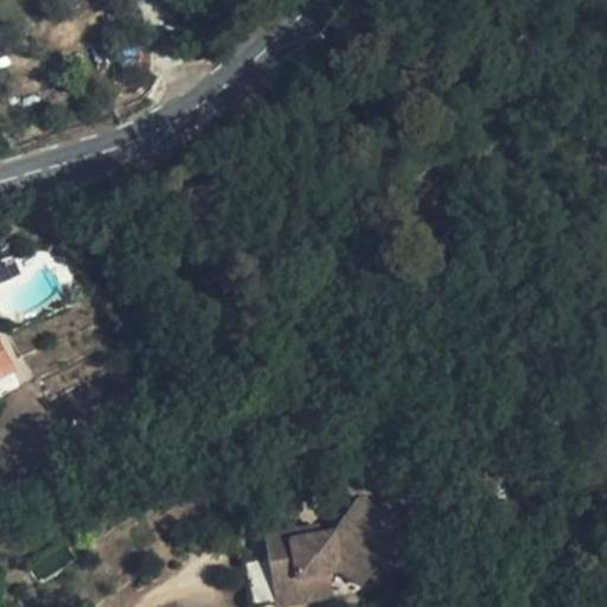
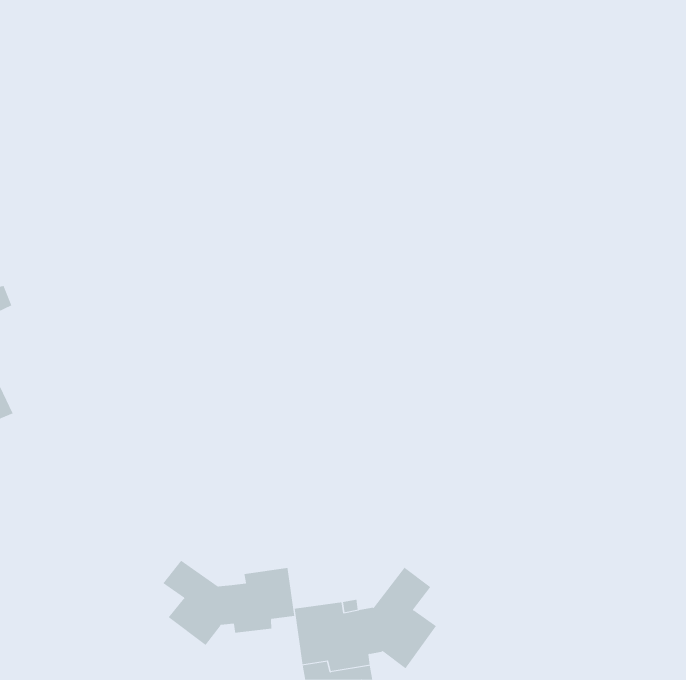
building: none -> [163,560,295,646]

